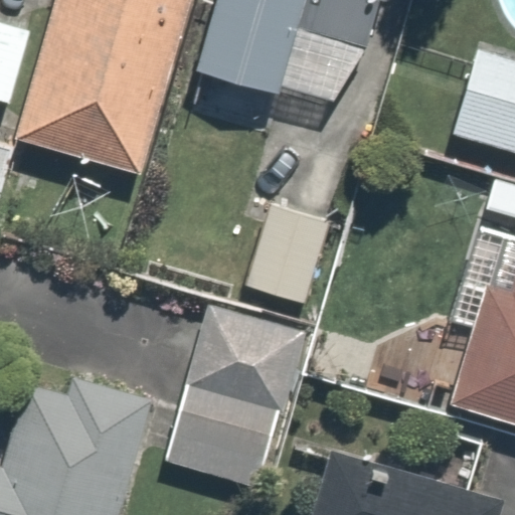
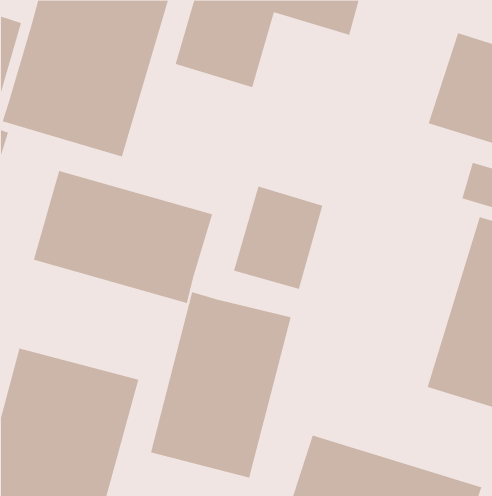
building: none -> [33,170,213,304]

